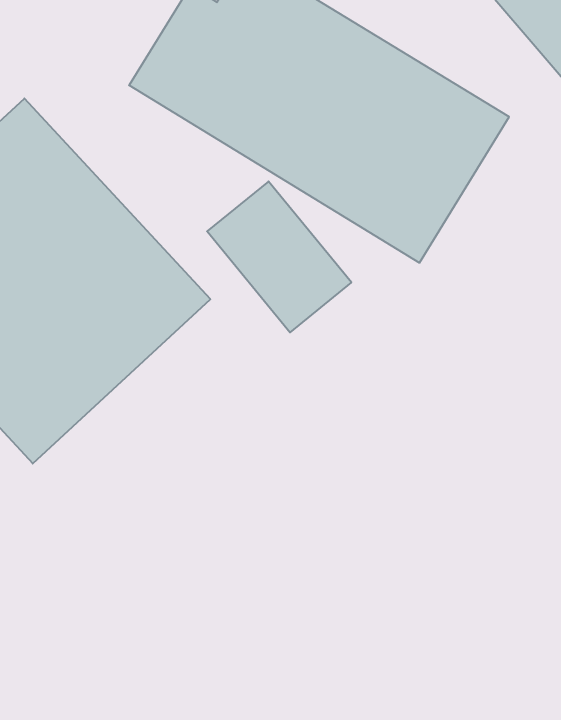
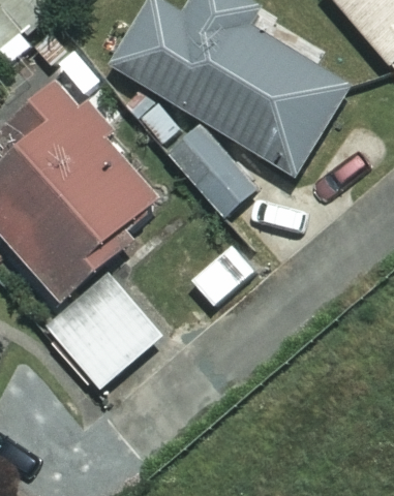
building: none -> [48,276,162,391]

